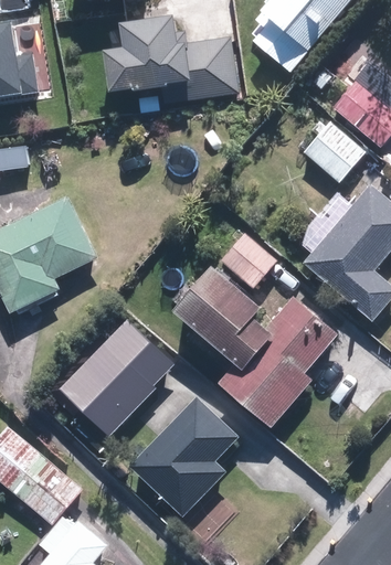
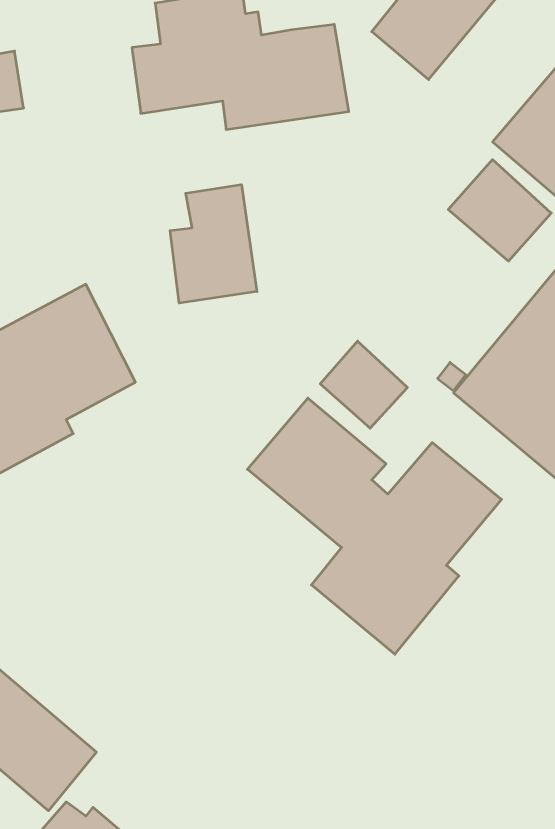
building: none -> [170,185,257,303]
building: [59,320,173,435] -> none
building: [131,396,239,515] -> none

